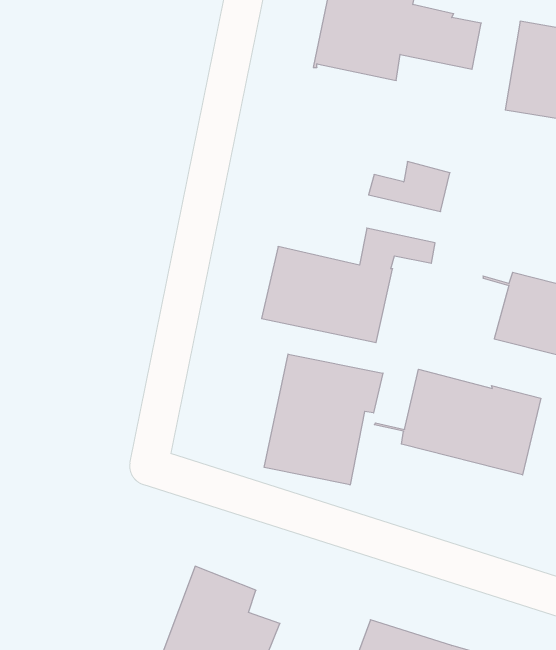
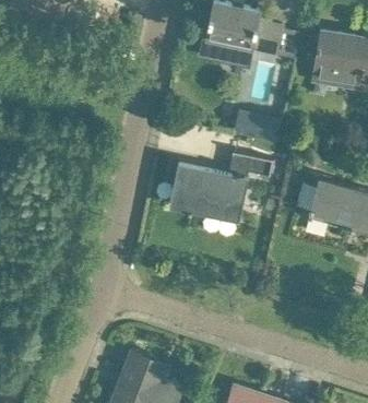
building: [264,354,383,485] -> none
building: [374,369,541,475] -> none

